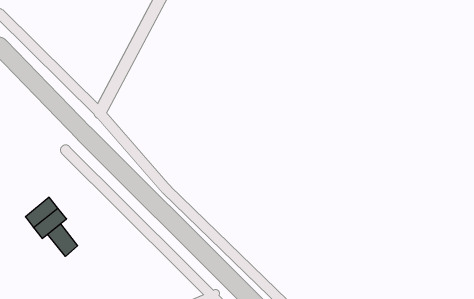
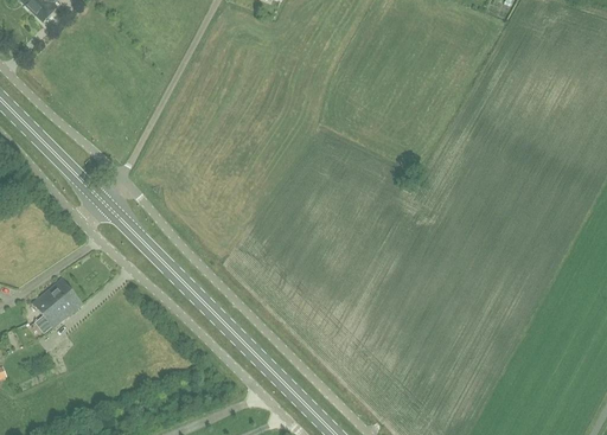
building: [47,224,78,256] -> none

